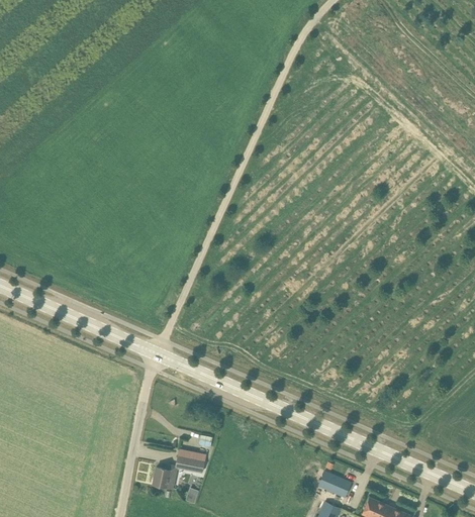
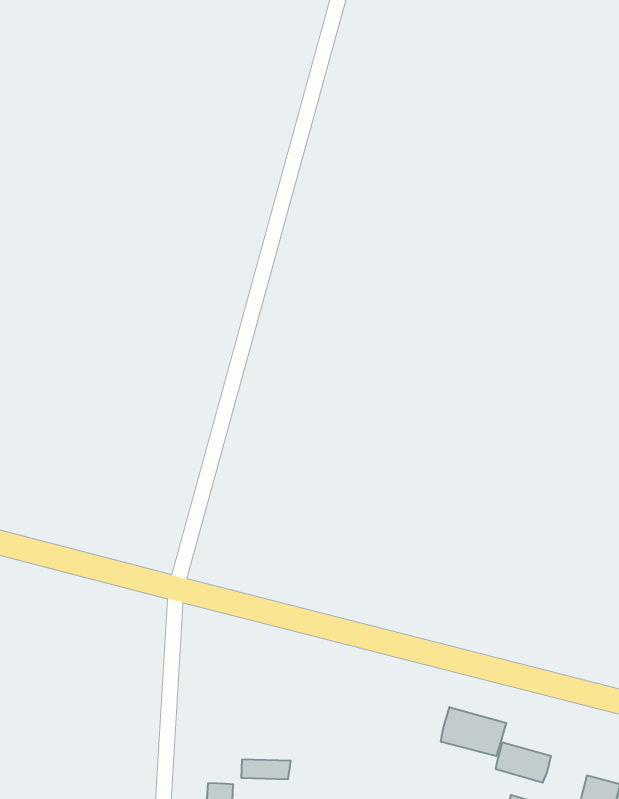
building: none -> [441,707,506,756]

